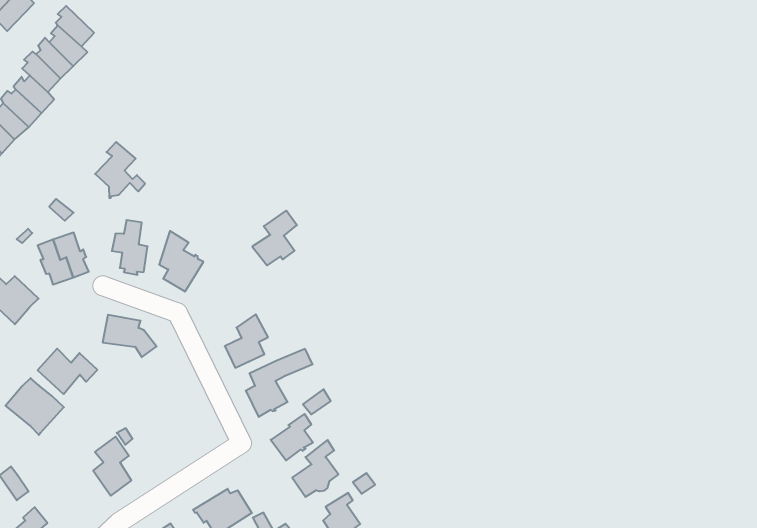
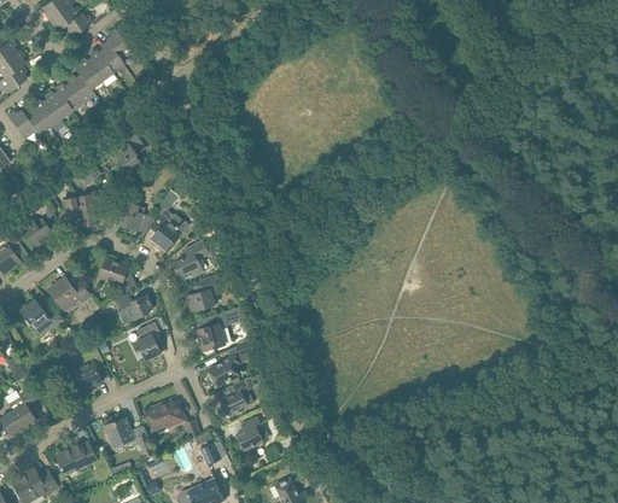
building: [252,211,297,265] -> [173,241,208,279]
building: none -> [112,293,152,321]
building: none -> [135,322,161,361]

